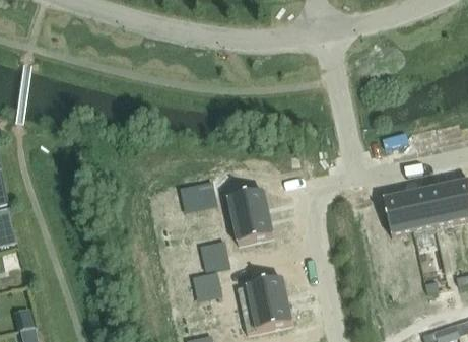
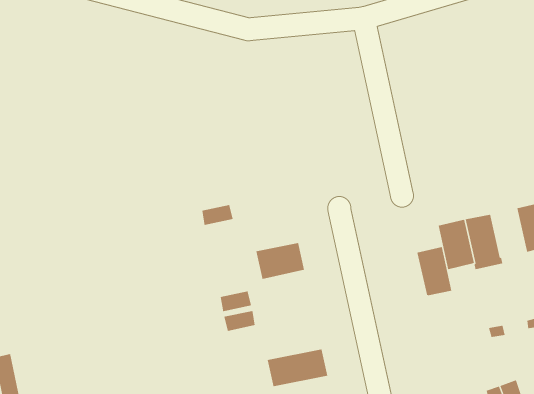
building: [426,185,456,225] -> [417,246,452,296]
building: [227,191,268,220] -> none
building: [237,278,287,310] -> none

